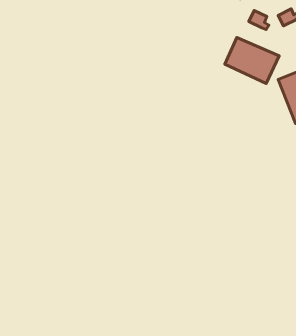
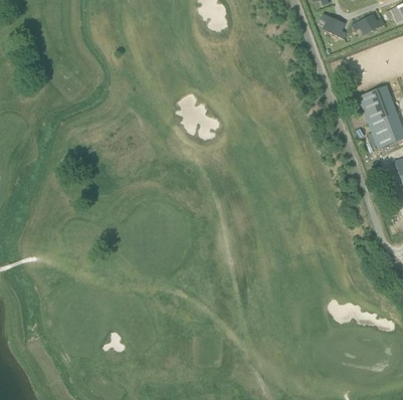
building: [225,37,279,83] -> none

